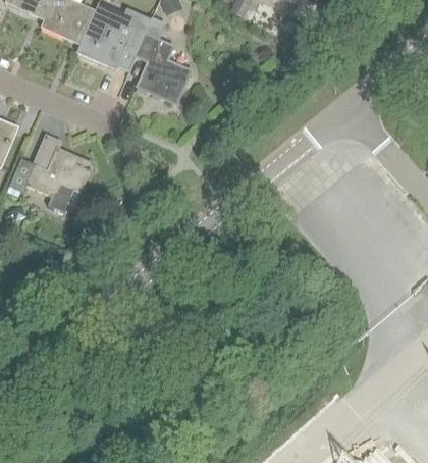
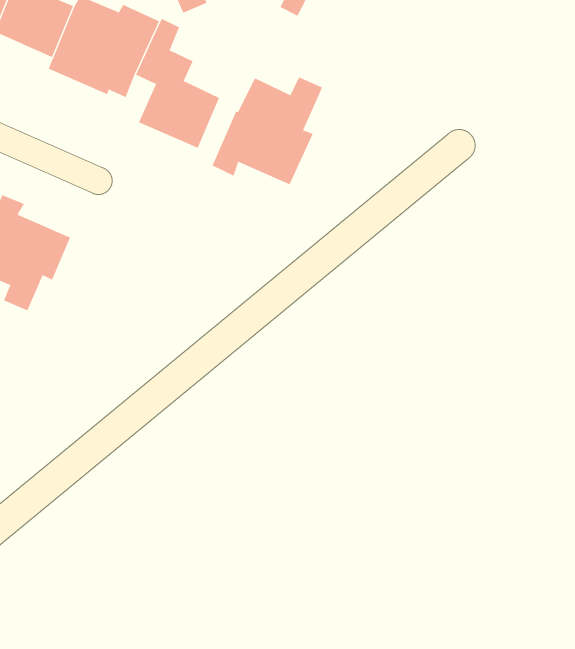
building: none -> [212,76,323,185]

